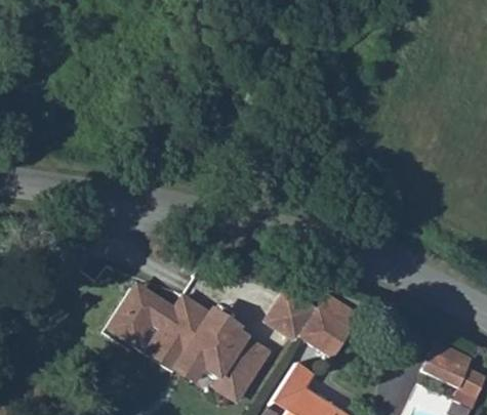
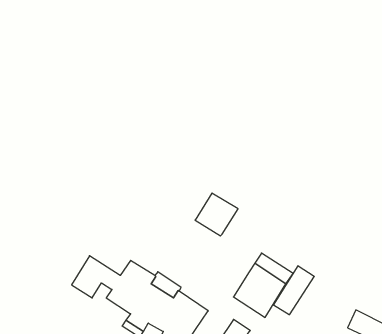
building: [267,292,314,339] -> [195,193,238,236]
building: none -> [274,266,314,315]

